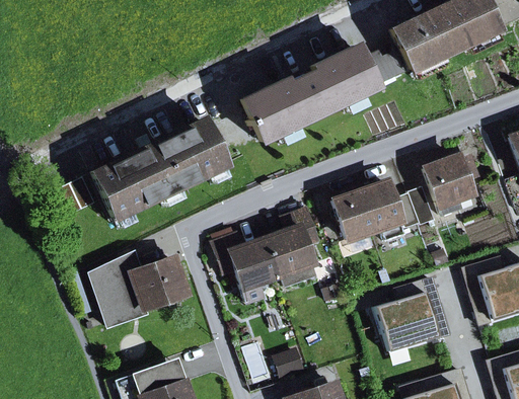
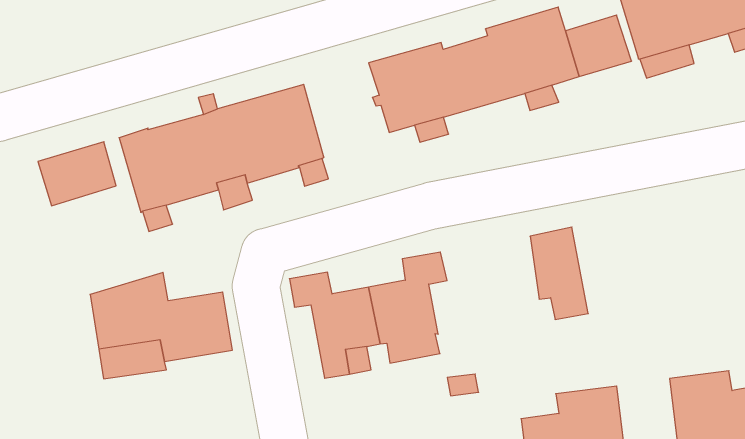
building: [426,157,476,215] -> none
building: [395,186,436,228] -> none
building: [335,191,374,239] -> none

